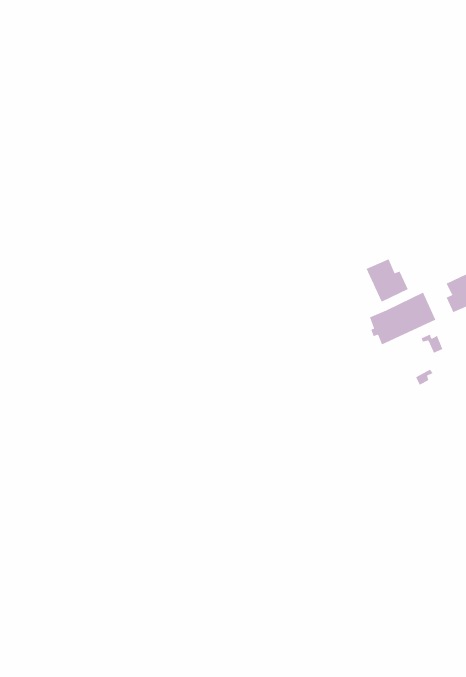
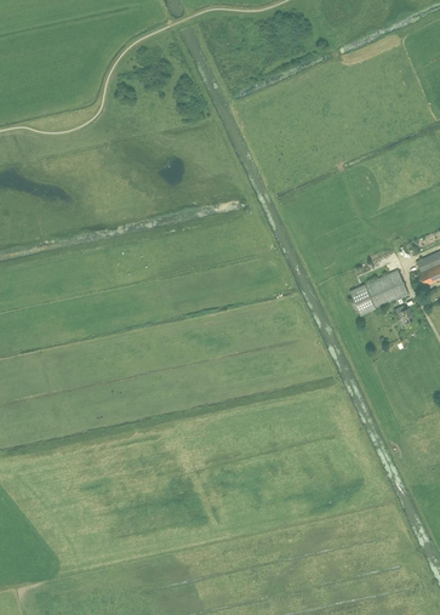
building: [366,259,408,303] -> none

